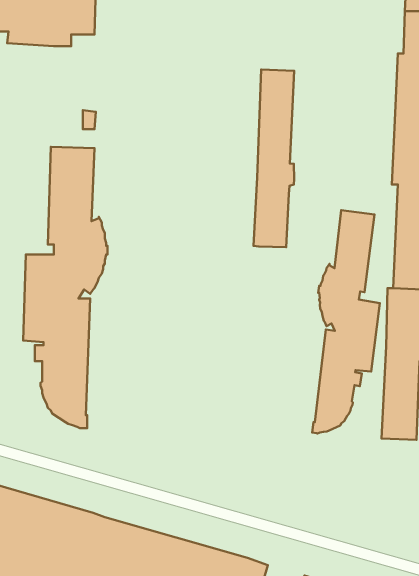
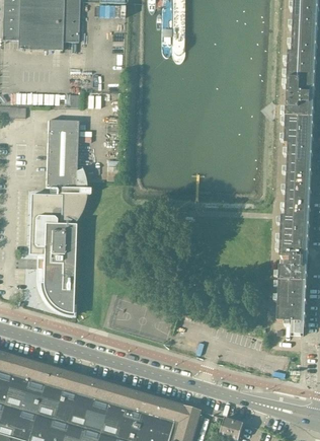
building: [253,70,294,247] -> none
building: [312,210,380,433] -> none

